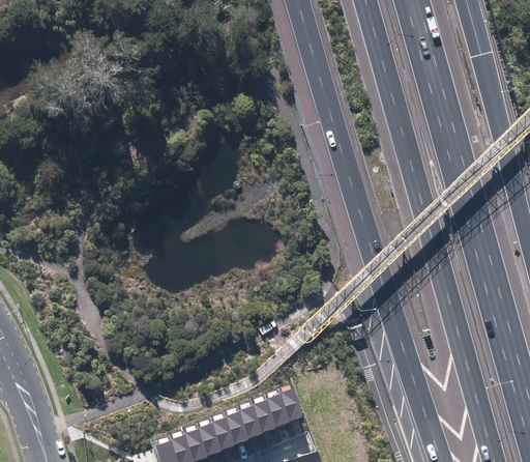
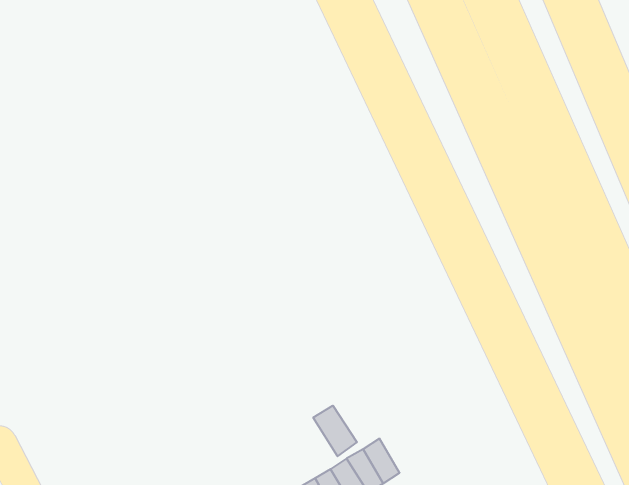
building: none -> [313,406,357,456]

